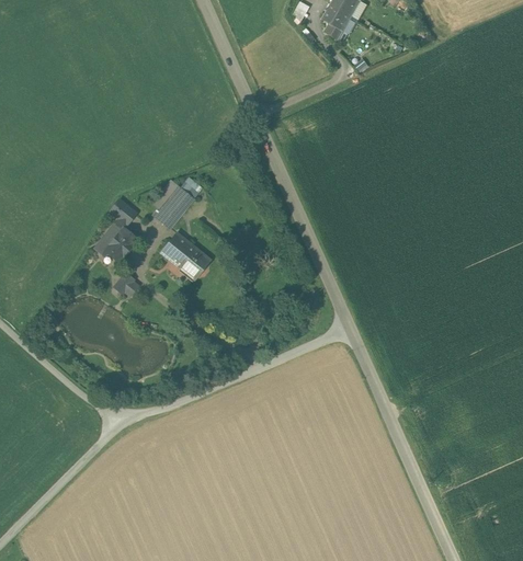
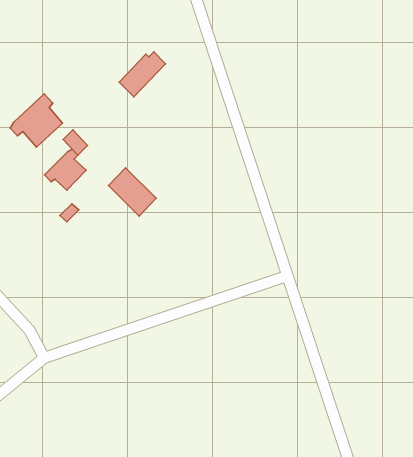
building: none -> [10,94,63,147]
building: [152,181,197,228] -> [119,52,165,97]

